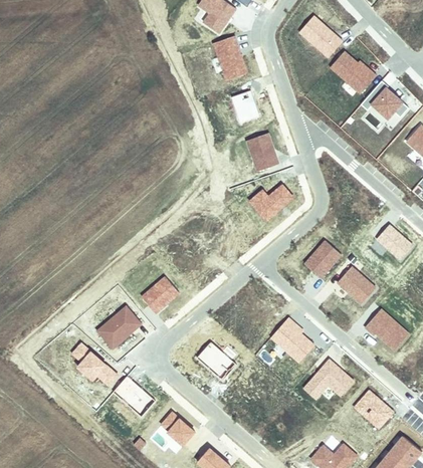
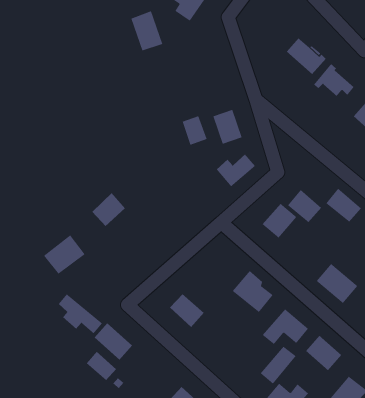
building: [299,16,342,57] -> none
building: [212,35,249,81] -> [130,11,163,51]
building: [231,89,260,124] -> [182,115,208,145]
building: [336,266,375,304] -> [287,189,322,223]
building: [141,275,180,314] -> [91,192,126,227]
building: [94,304,143,349] -> [43,235,86,274]
building: none -> [260,346,296,385]
building: [159,411,194,445] -> [86,351,117,381]

